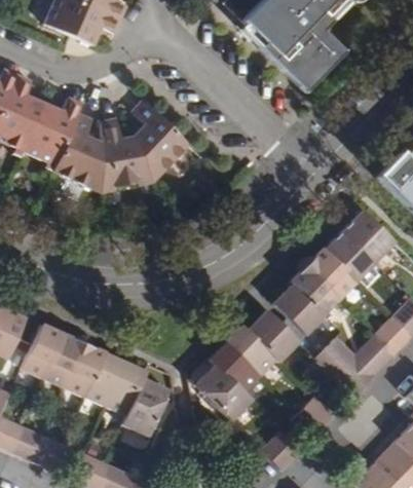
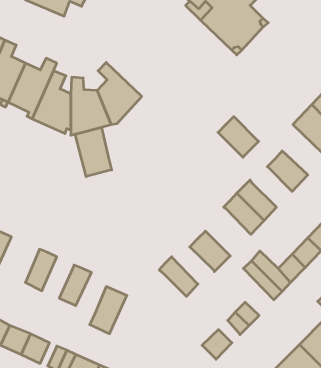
building: none -> [75,127,112,177]
building: [326,230,376,280] -> [218,117,259,157]
building: [274,283,325,334] -> none
building: [23,324,62,374] -> none
building: [226,324,277,376] -> none
building: [65,342,105,393] -> none
building: [107,362,148,413] -> none
building: [195,364,253,420] -> none

